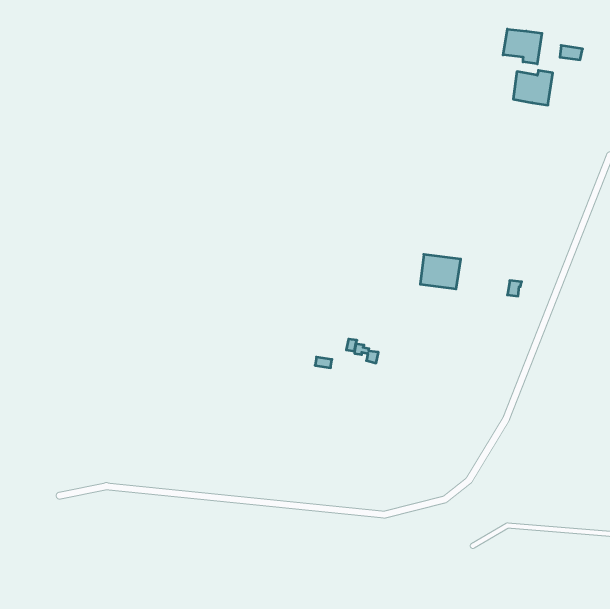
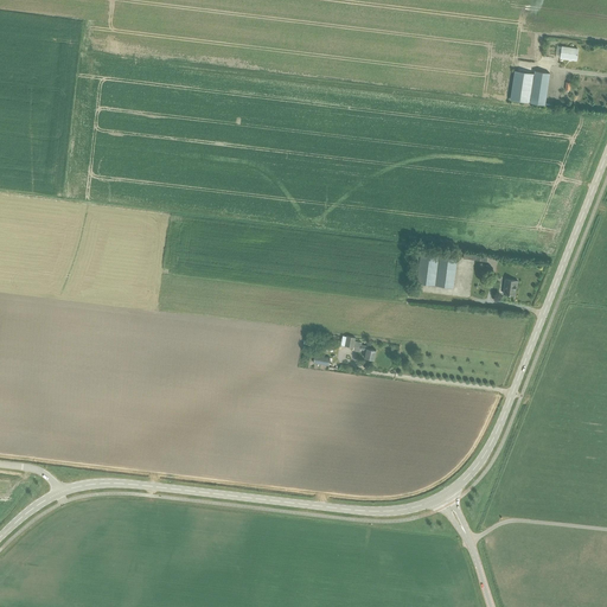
building: [503,29,542,64] -> none

